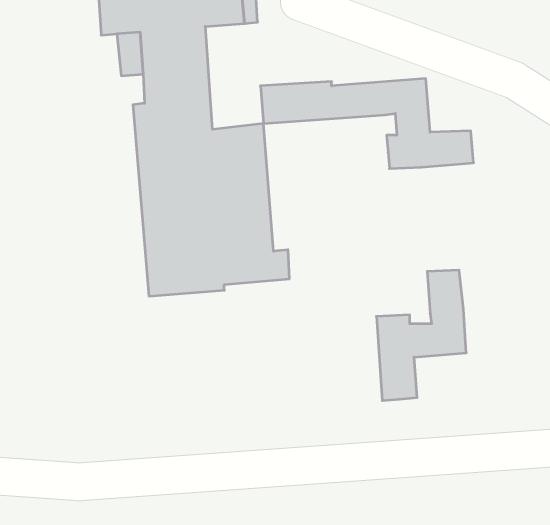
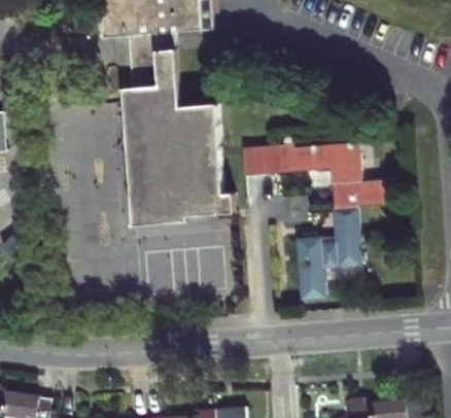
building: [260,79,474,169] -> [240,143,391,207]

